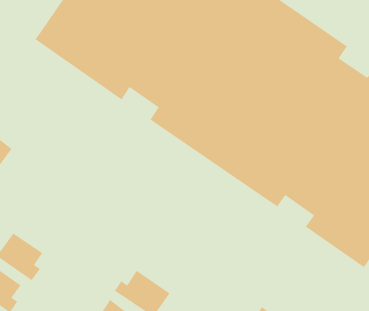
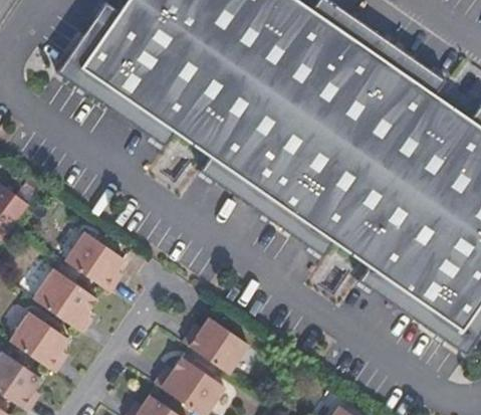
building: none -> [65,229,124,290]
building: none -> [33,266,97,332]
building: none -> [184,317,248,372]

